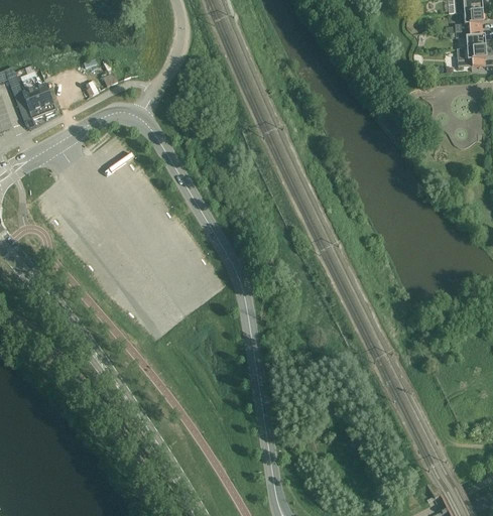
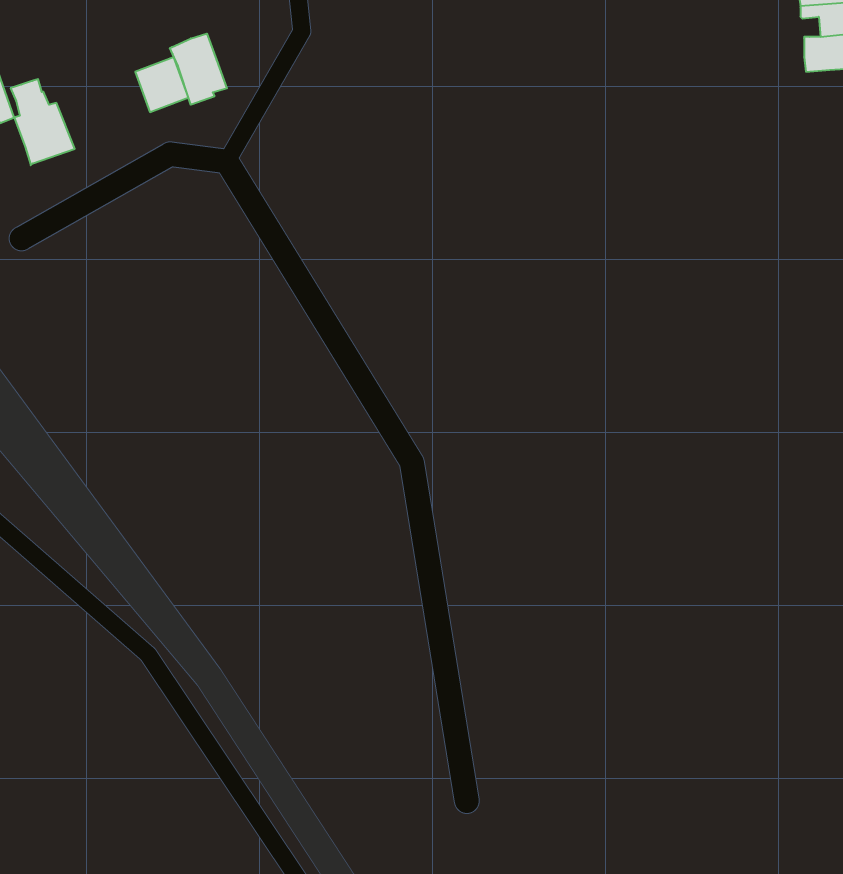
building: none -> [170,34,227,105]

